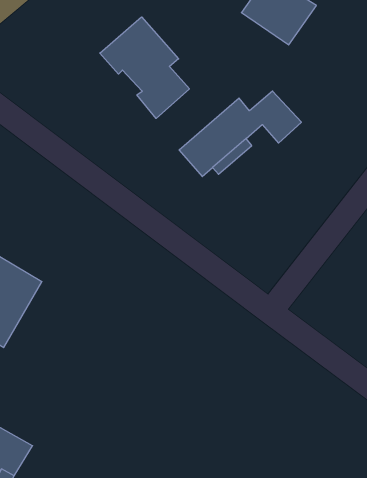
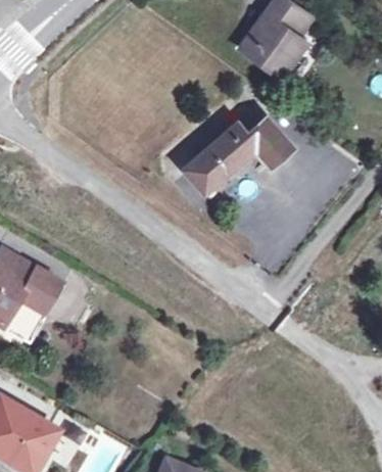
building: [100,17,189,118] -> none

